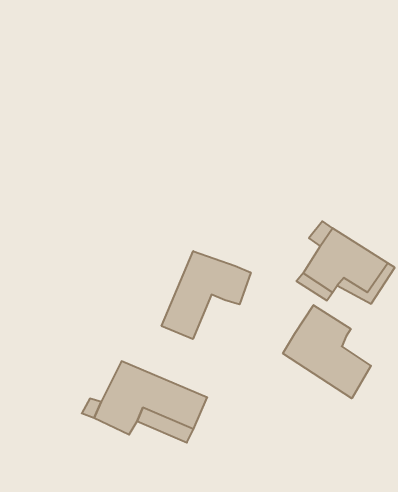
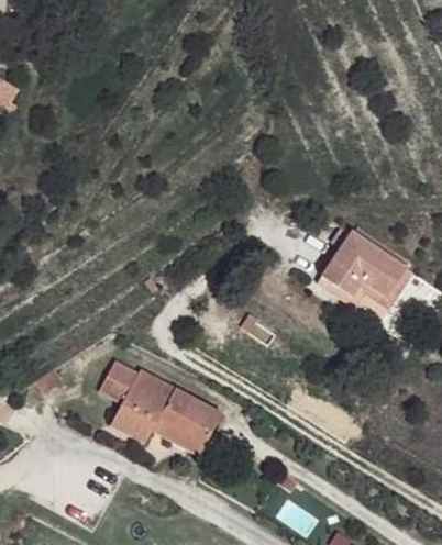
building: [162,251,251,339] -> none
building: [283,305,371,398] -> none

